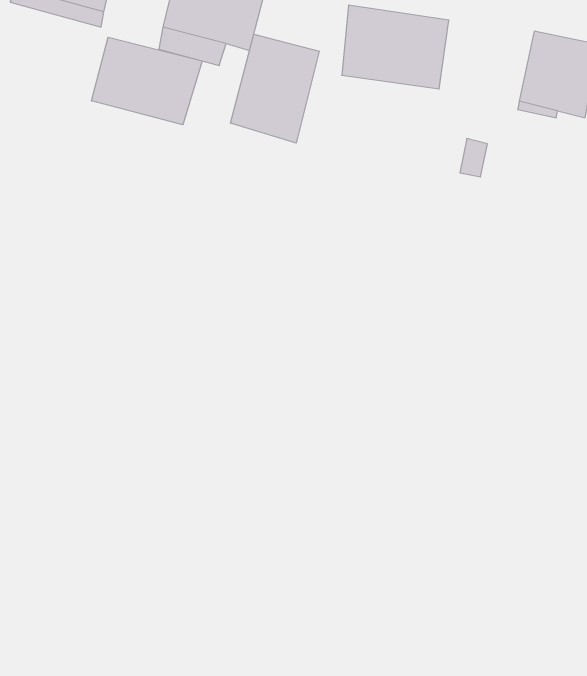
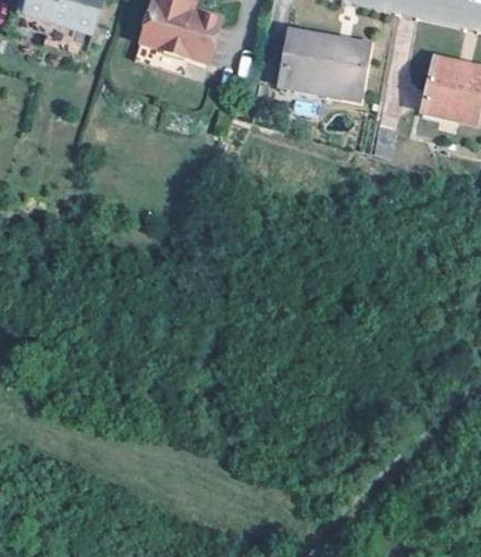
building: [231,34,319,143] -> none
building: [91,37,202,125] -> none

